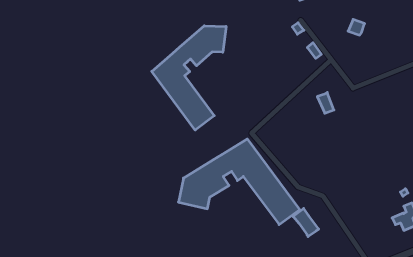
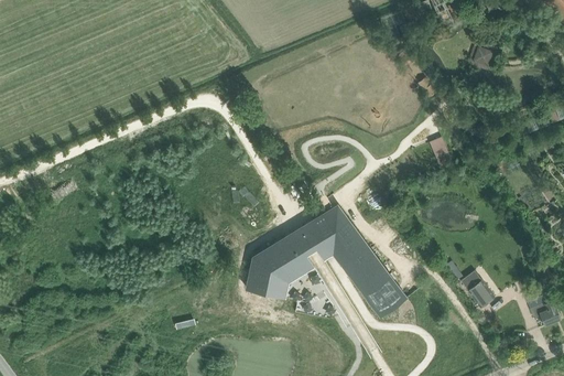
building: [152,26,226,130] -> none
building: [293,208,319,237] -> [459,271,494,309]

